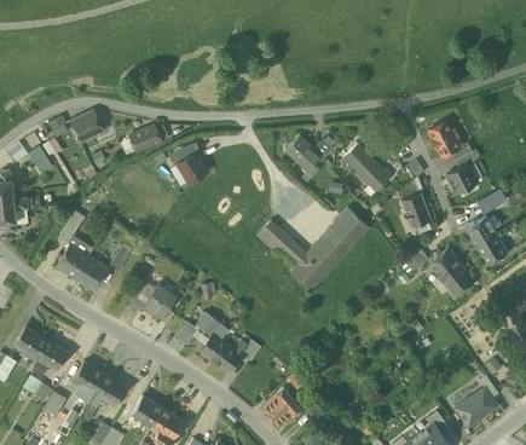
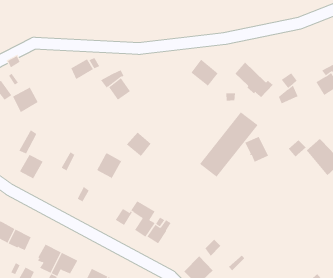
building: [70,110,104,143] -> [12,87,39,113]
building: [427,122,463,157] -> none
building: [400,193,430,227] -> [245,136,269,163]
building: [256,219,289,252] -> [126,132,151,157]
building: [74,255,109,290] -> none
building: [143,284,178,322] -> [96,151,123,180]

